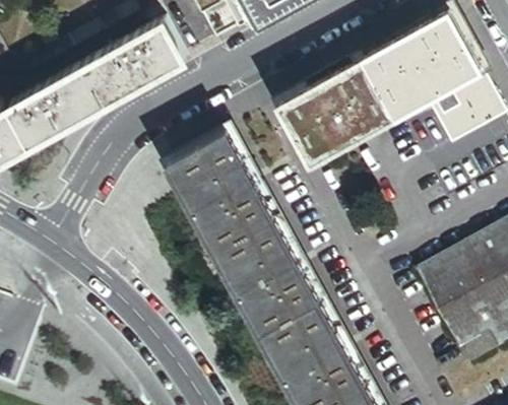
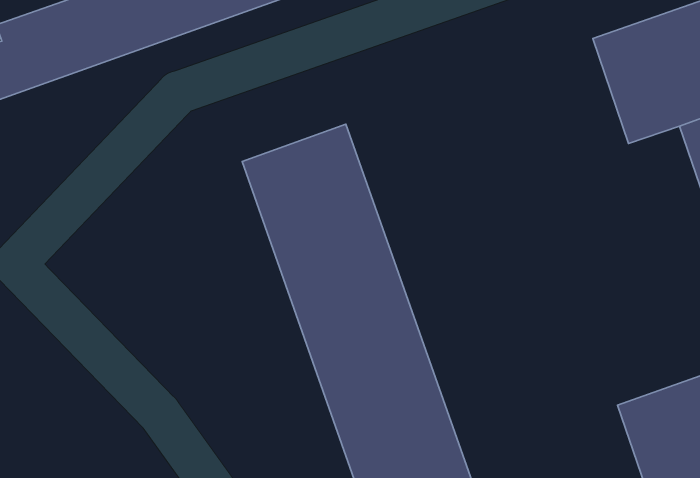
building: [279,58,395,162] -> none

